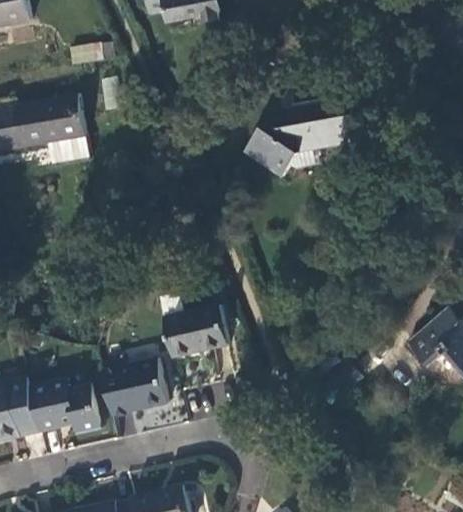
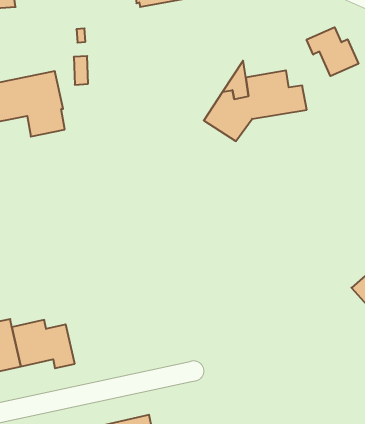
building: none -> [307,27,358,76]
building: [160,293,228,355] -> none
building: [102,357,168,413] -> none

